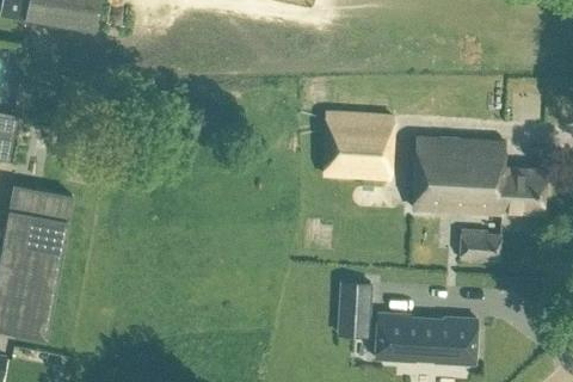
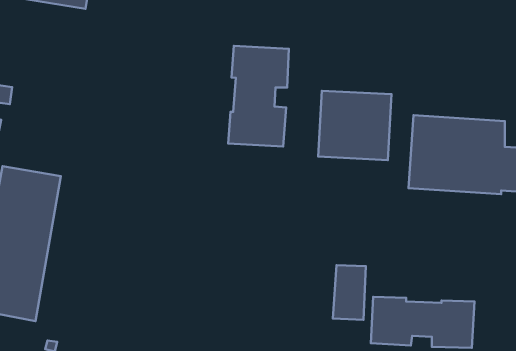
building: none -> [228,46,289,146]
building: [458,230,500,263] -> none

